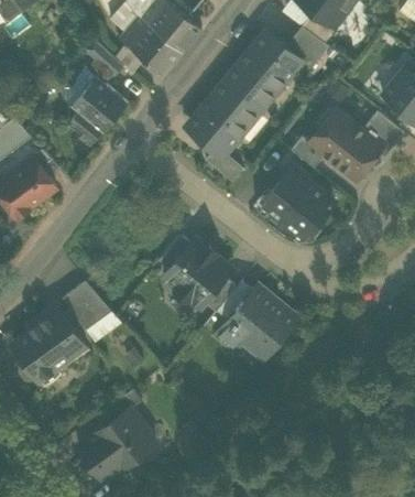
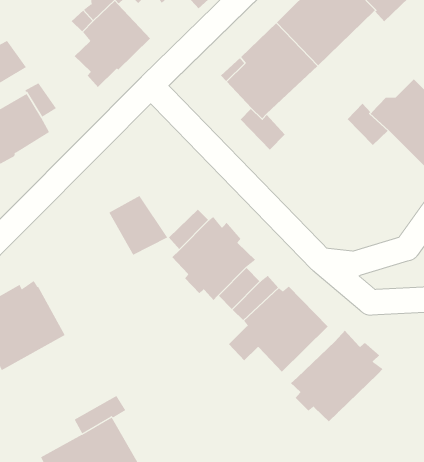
building: [262,168,334,238] -> none
building: [63,281,112,329] -> [109,195,168,256]
building: none -> [290,330,383,422]

